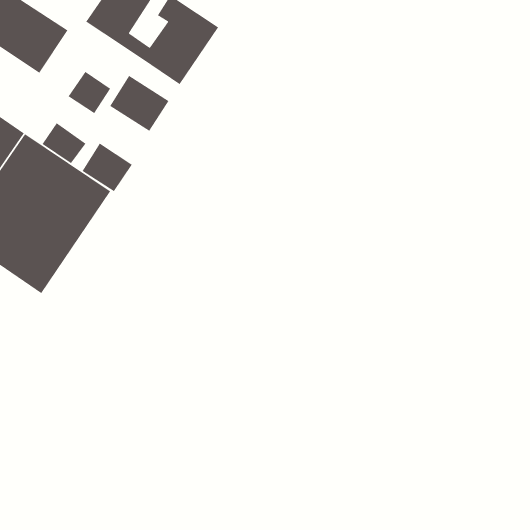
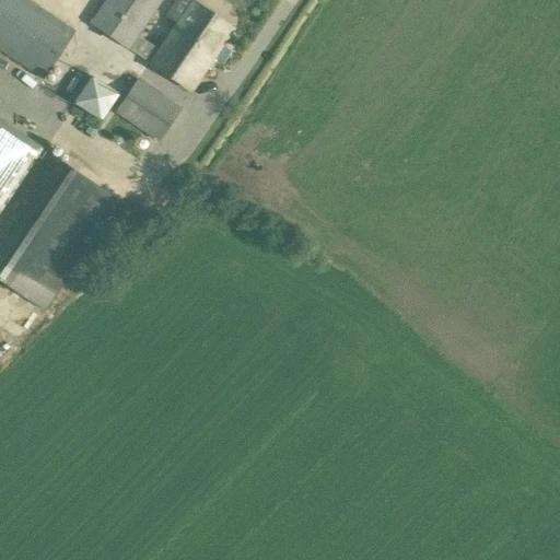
building: [42,122,87,164] -> none
building: [81,143,133,192] -> none

